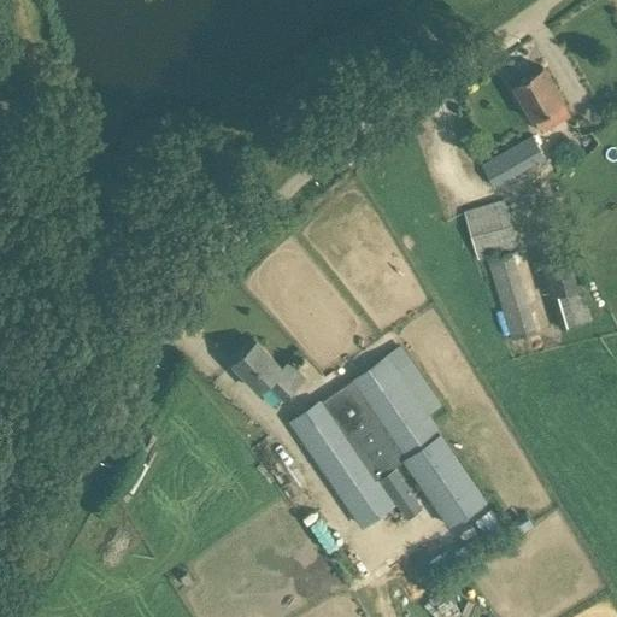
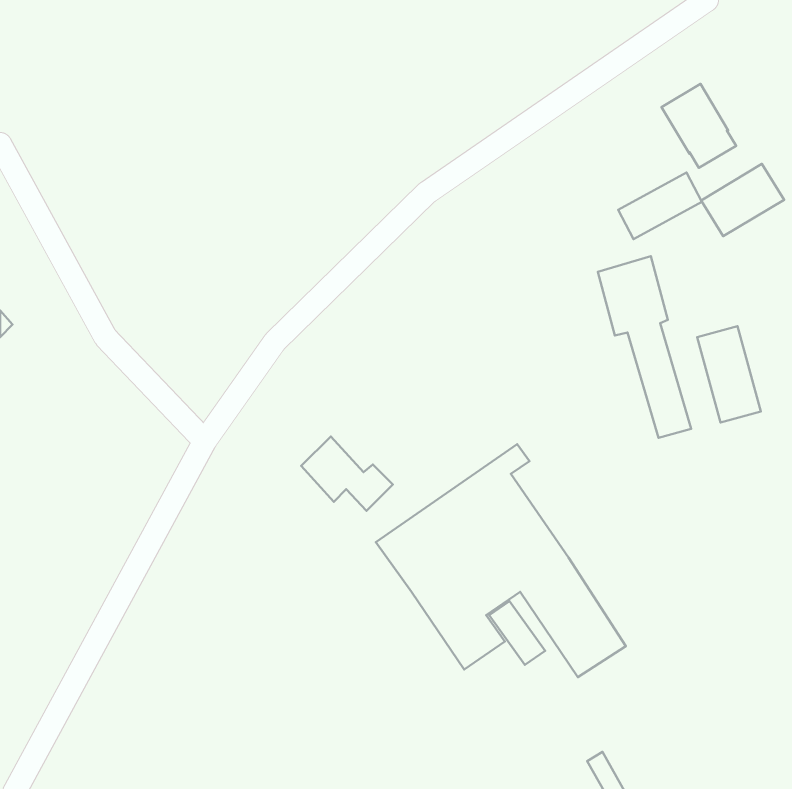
building: none -> [701,164,784,236]

